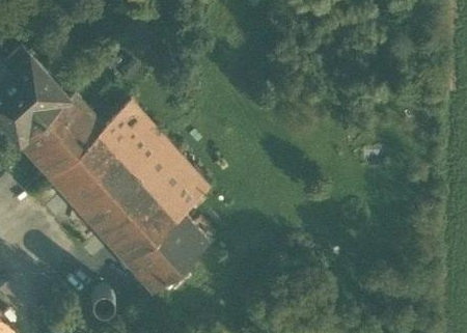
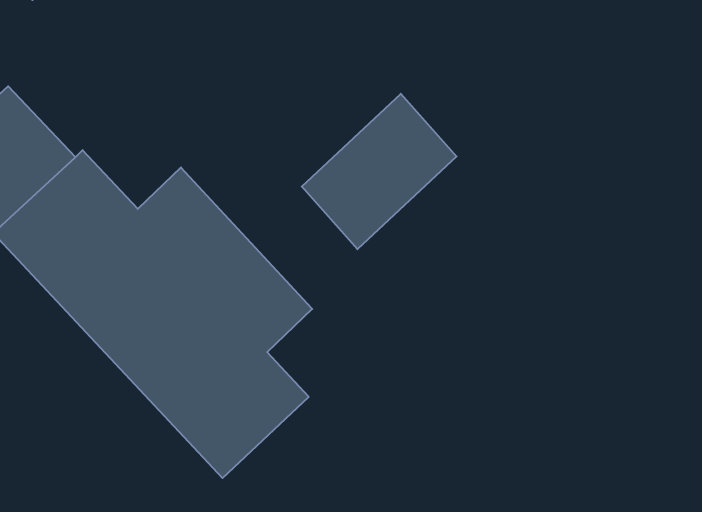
building: none -> [302,94,457,249]

